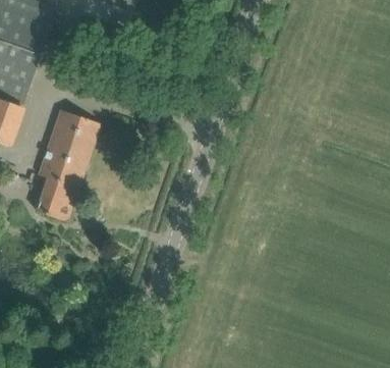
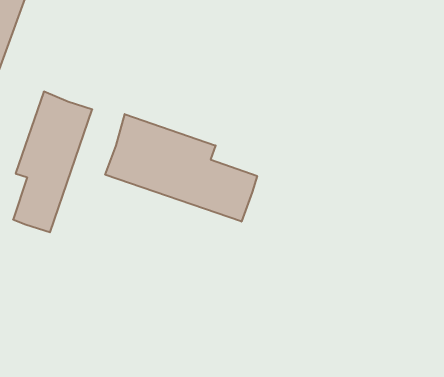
building: none -> [105,114,257,222]

